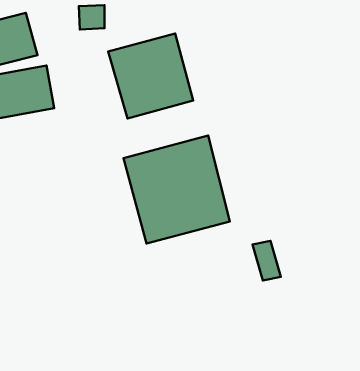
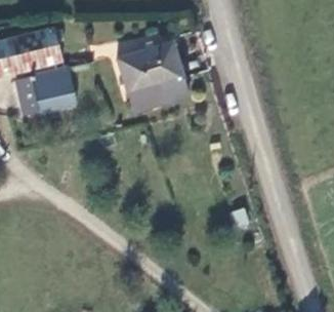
building: [123,135,230,243] -> none

